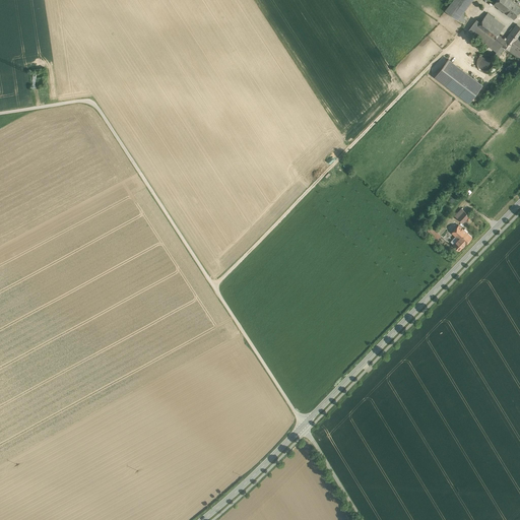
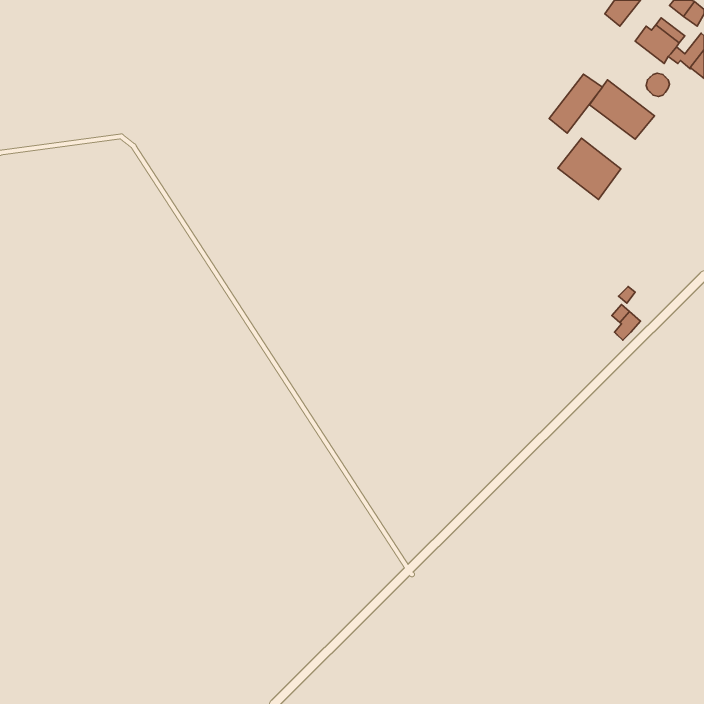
building: none -> [549,74,602,133]
building: none -> [558,138,621,200]

